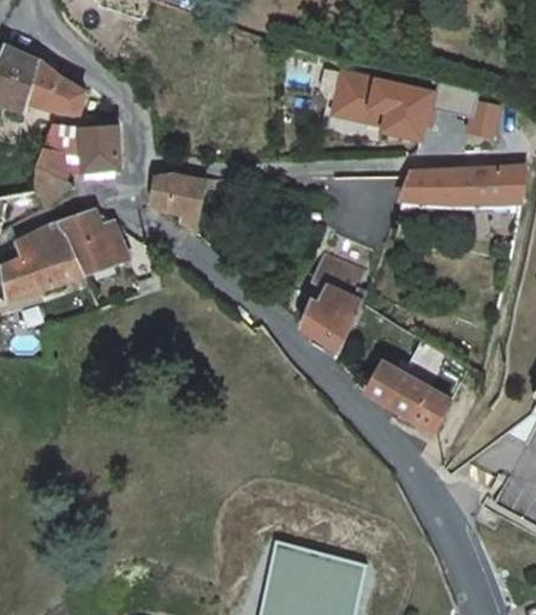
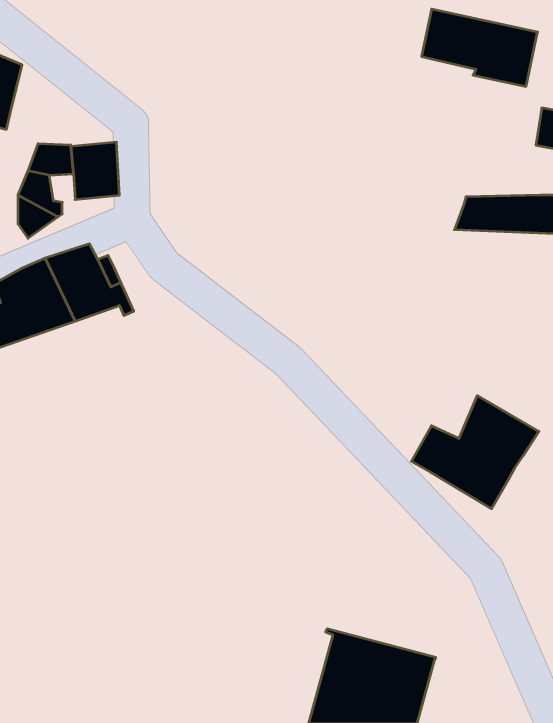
building: [26,60,82,113] -> none
building: [333,72,430,137] -> [422,9,538,86]
building: [147,174,214,227] -> none
building: [298,258,365,366] -> none

